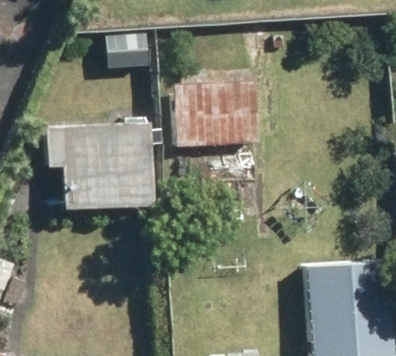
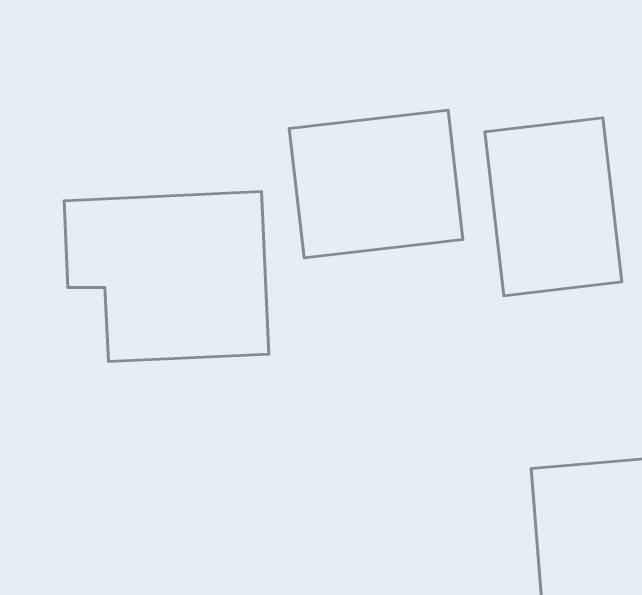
building: none -> [485,118,622,296]

